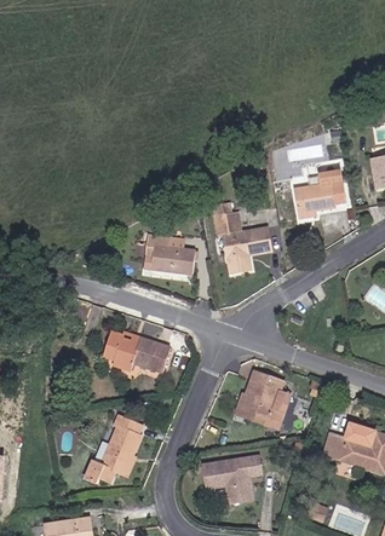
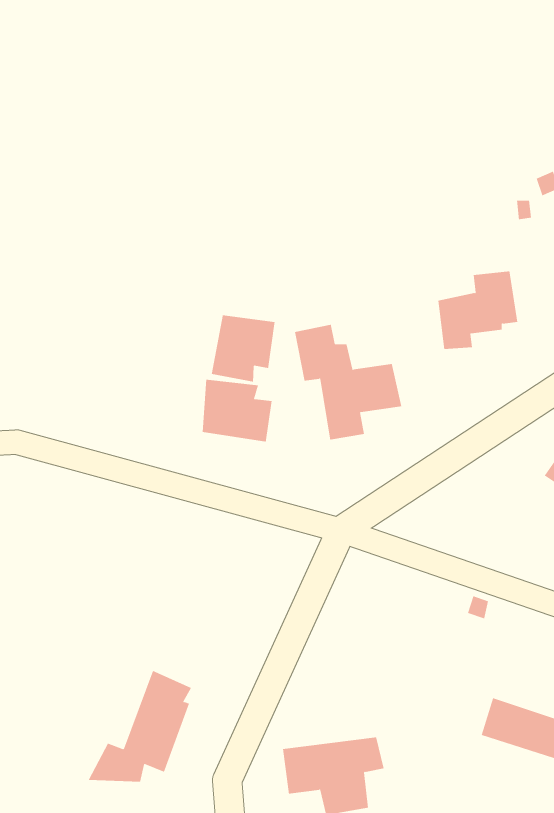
building: none -> [211,315,275,383]
building: [103,329,168,373] -> none
building: [235,370,294,432] -> none

